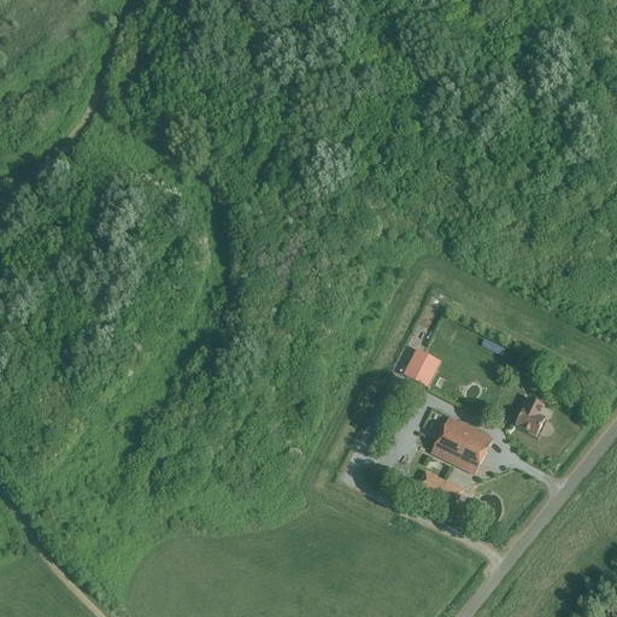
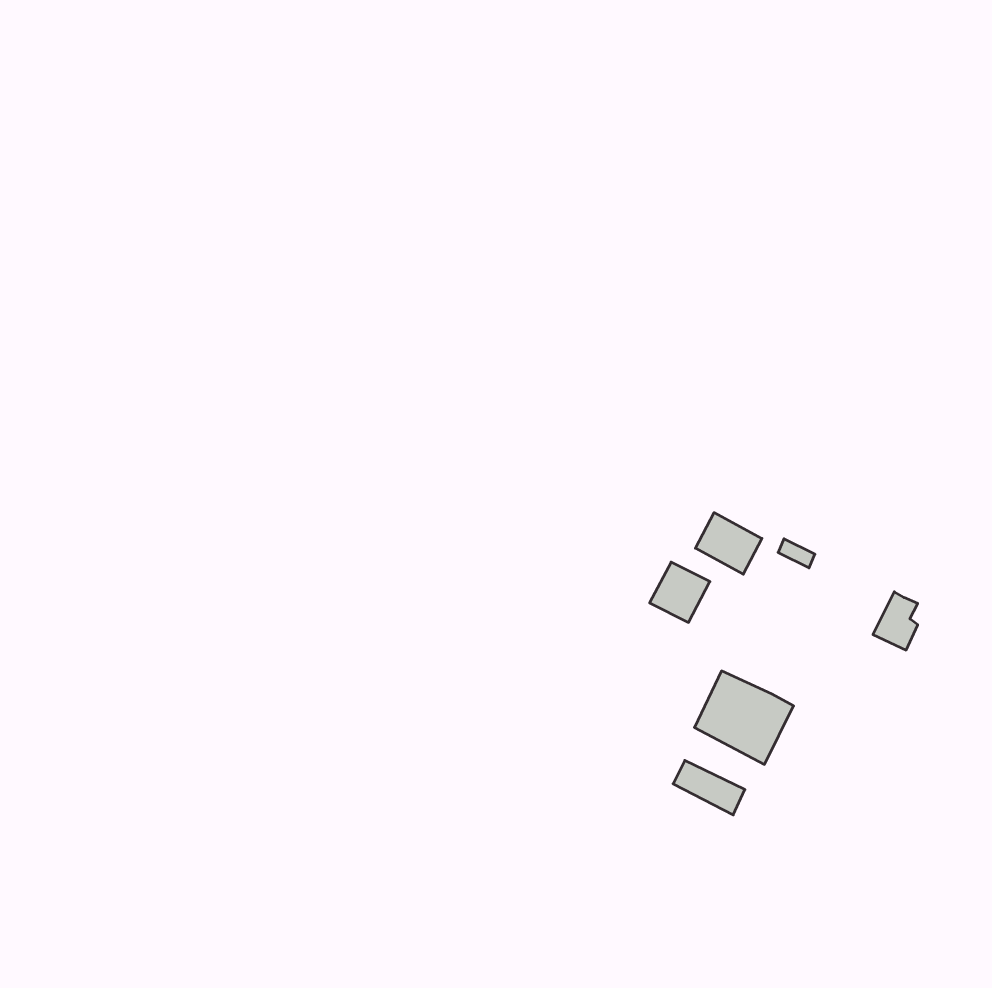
building: none -> [695,513,762,574]
building: [515,396,542,433] -> [873,592,918,650]

